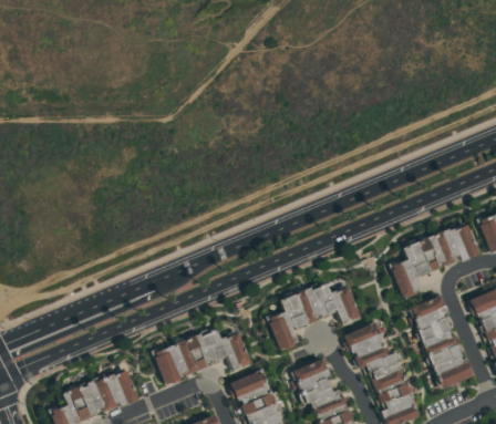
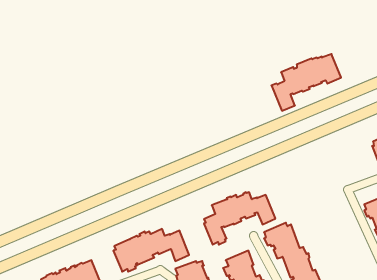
building: [392,225,480,297] -> [271,54,341,111]
building: [410,294,474,390] -> none

